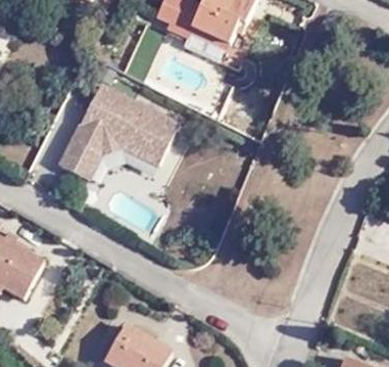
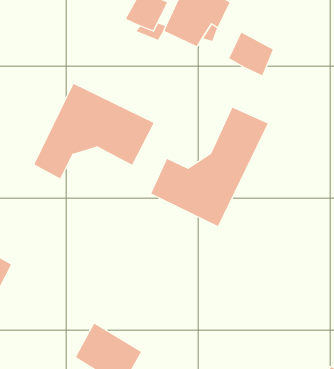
building: none -> [228,32,274,76]
building: none -> [150,107,269,227]

